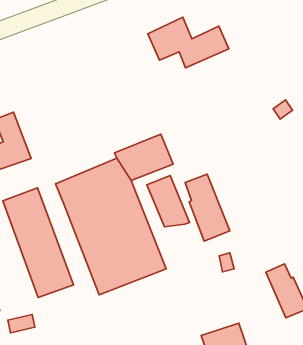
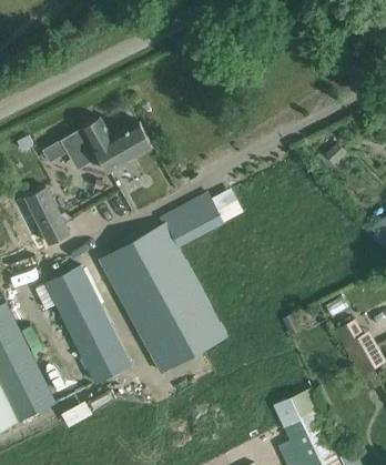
building: [148,17,229,68] -> [63,118,152,172]
building: [185,174,230,241] -> none
building: [147,175,189,227] -> none

